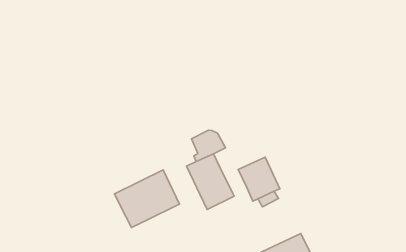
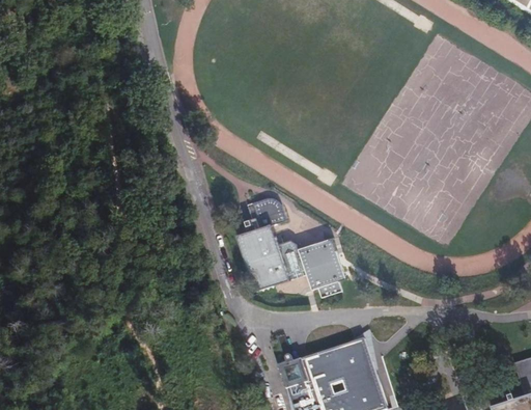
building: none -> [278,241,306,277]
building: [114,170,179,227] -> none

